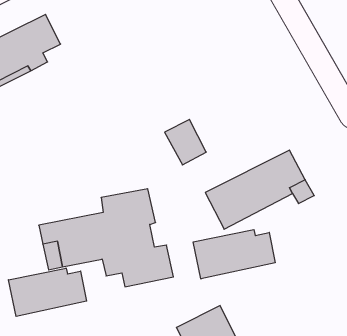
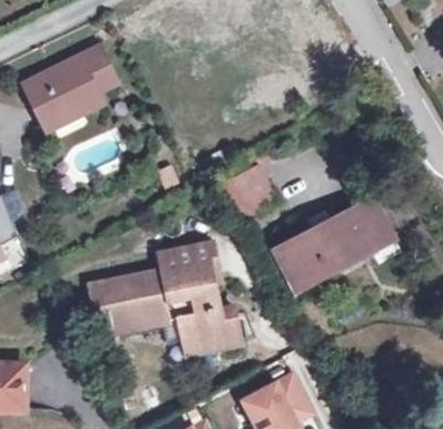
building: [193,230,275,279] -> none
building: [8,268,87,316] -> none

